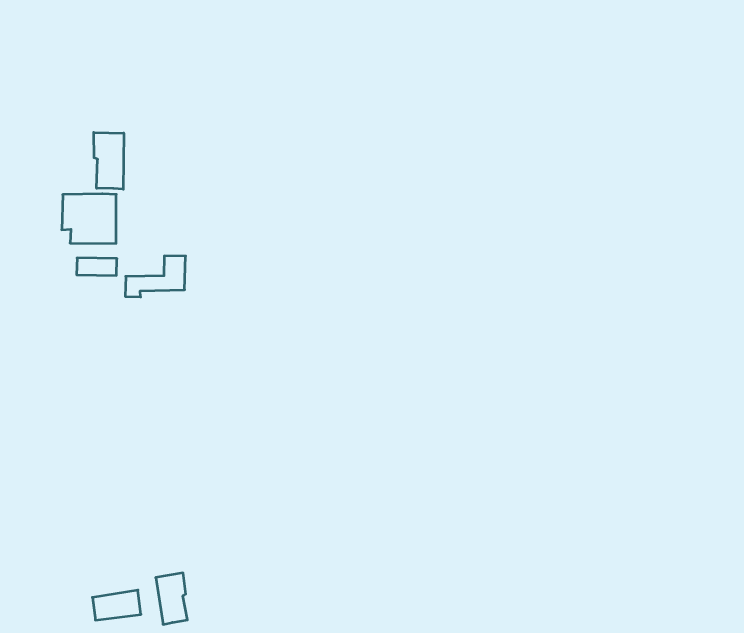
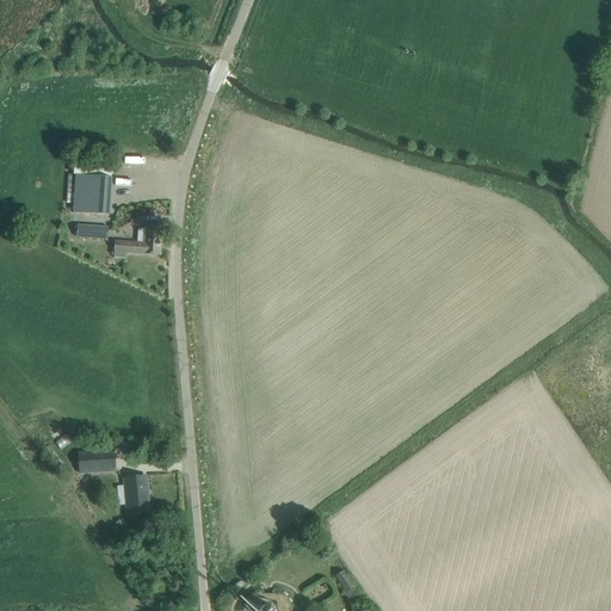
building: [94,132,124,189] -> none
building: [92,590,141,620] -> [76,449,113,470]

